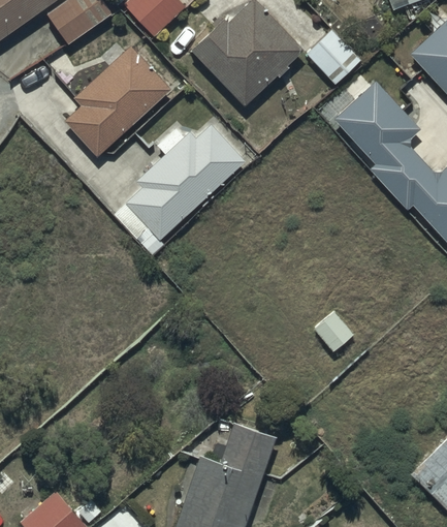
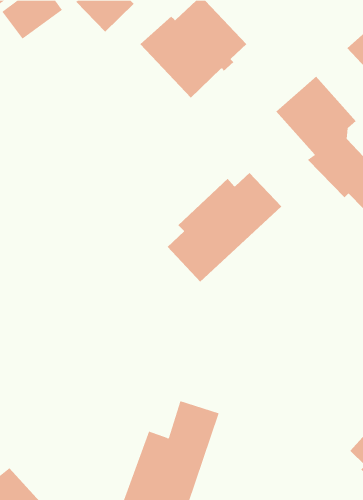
building: [308,28,362,85] -> none
building: [66,44,172,156] -> none
building: [126,125,247,241] -> [167,172,282,282]

